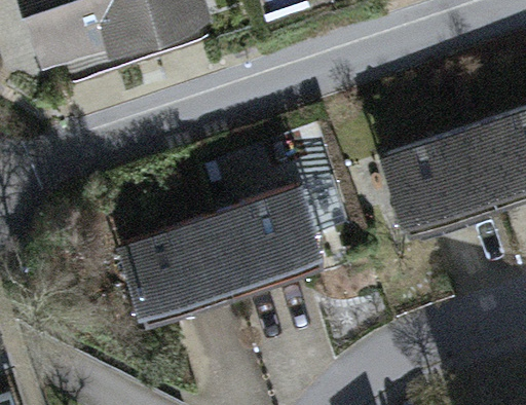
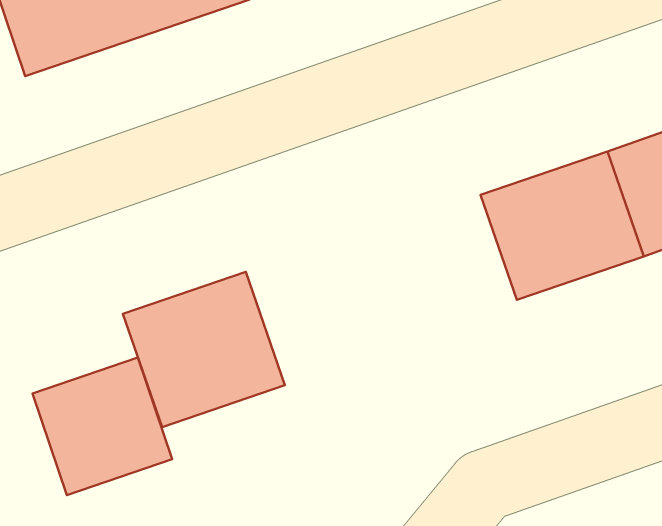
building: [208,185,327,299] -> none
building: none -> [33,357,172,495]

